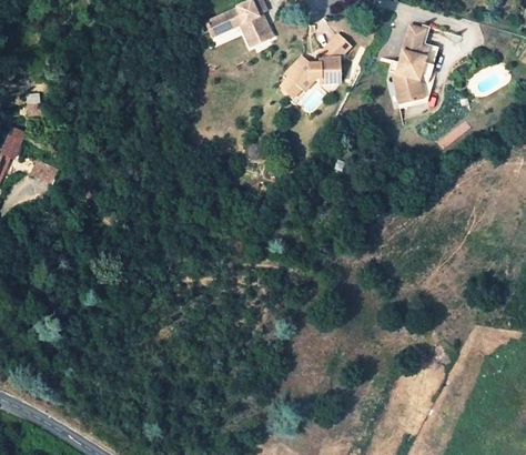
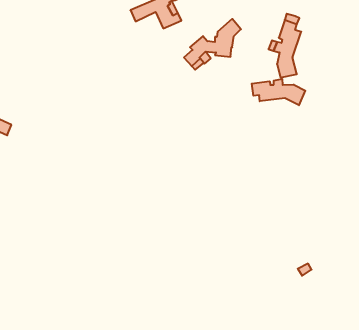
building: none -> [252,79,305,105]

